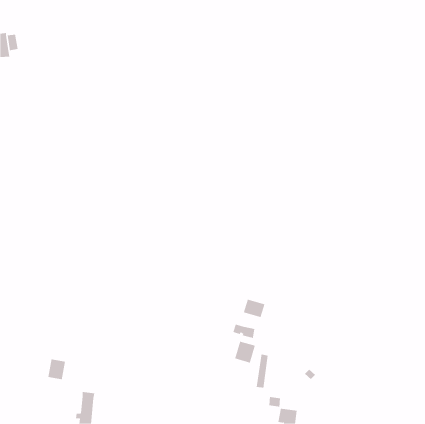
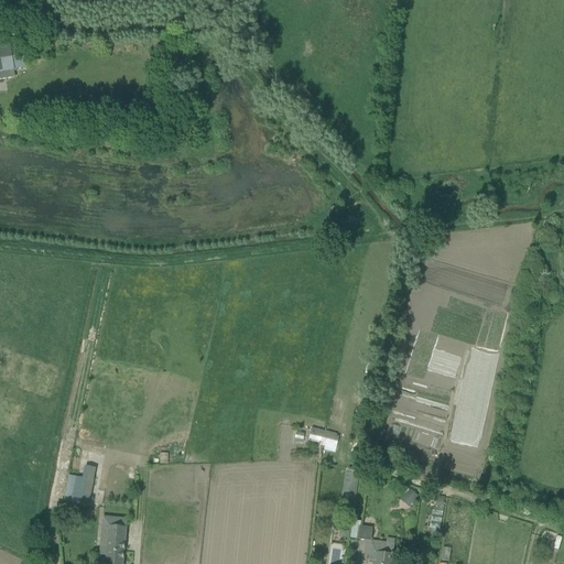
building: [243,299,265,318] -> none
building: [235,341,256,363] -> none

